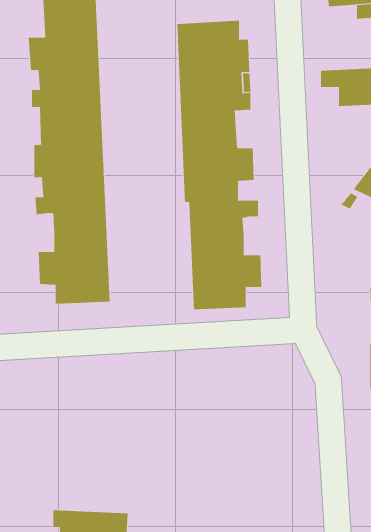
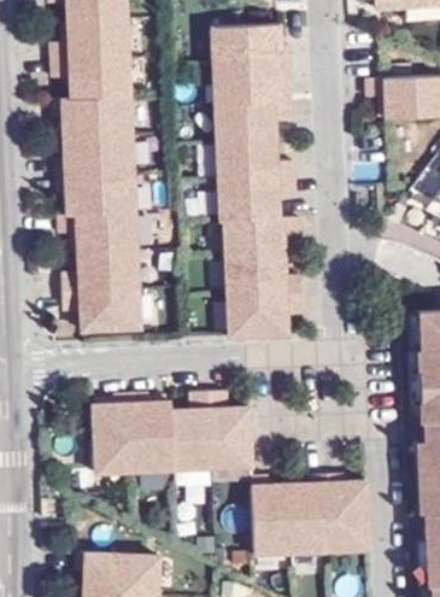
building: none -> [94,391,252,472]
building: none -> [252,474,370,554]

